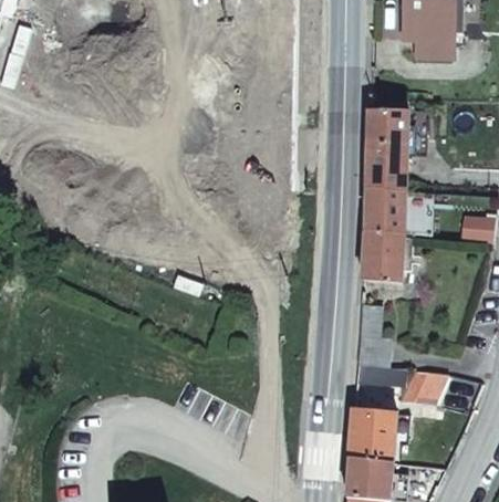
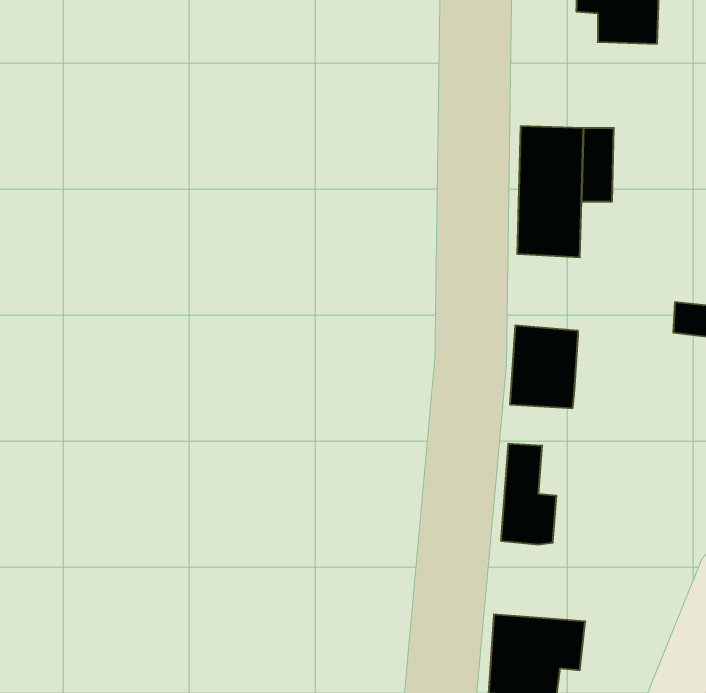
building: [364,188,404,236] -> none
building: [377,367,446,404] -> none

